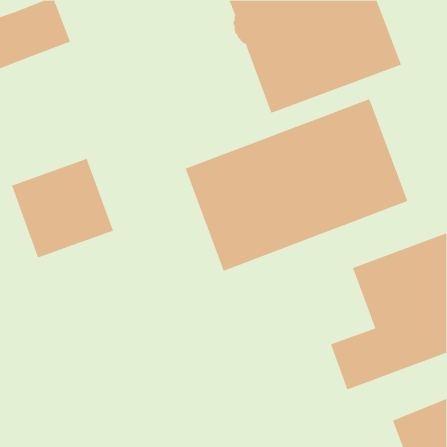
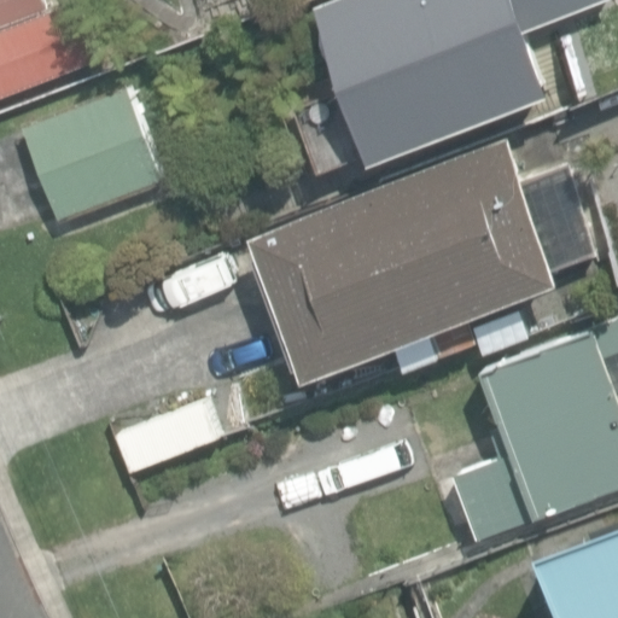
building: [11,158,114,258] -> [21,88,161,225]

